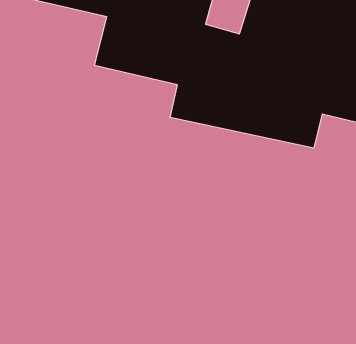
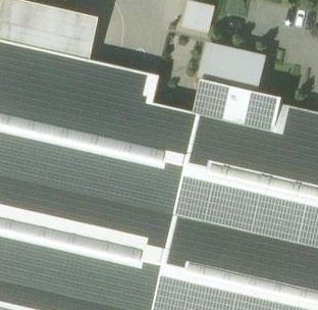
building: none -> [200,43,278,130]

